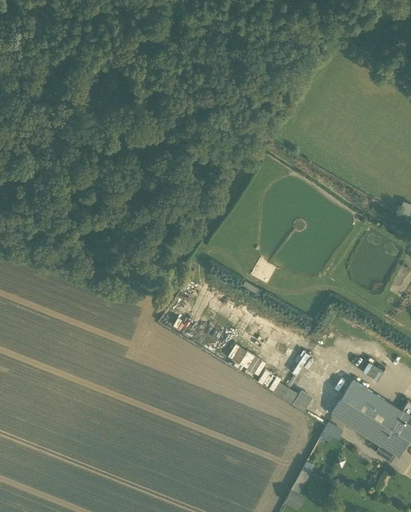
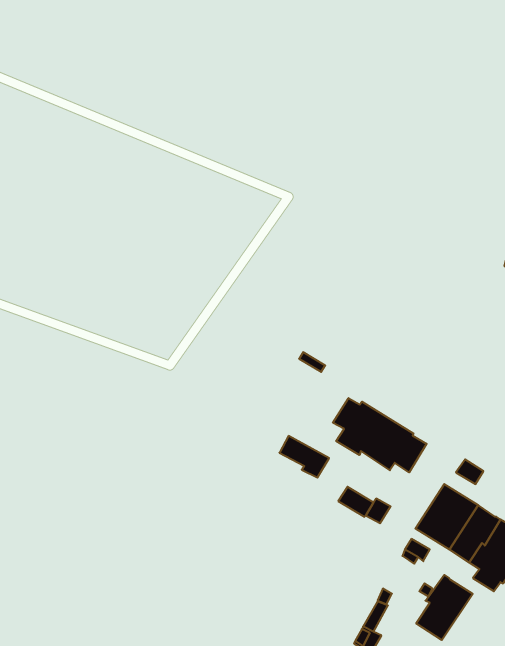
building: none -> [333,398,427,472]
building: none -> [416,575,473,640]

